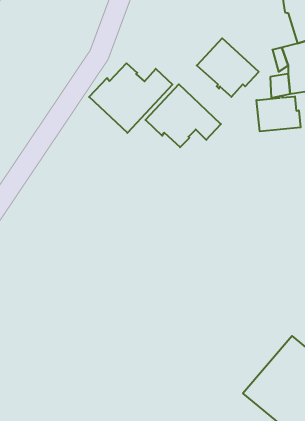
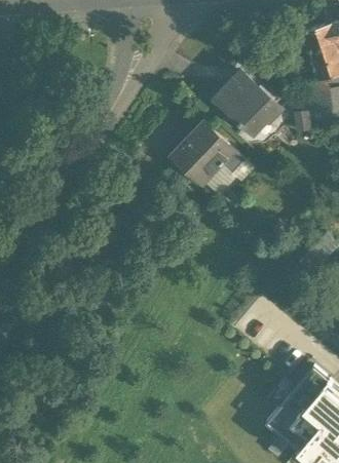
building: [89,63,172,133] -> none
building: [256,96,301,131] -> none

